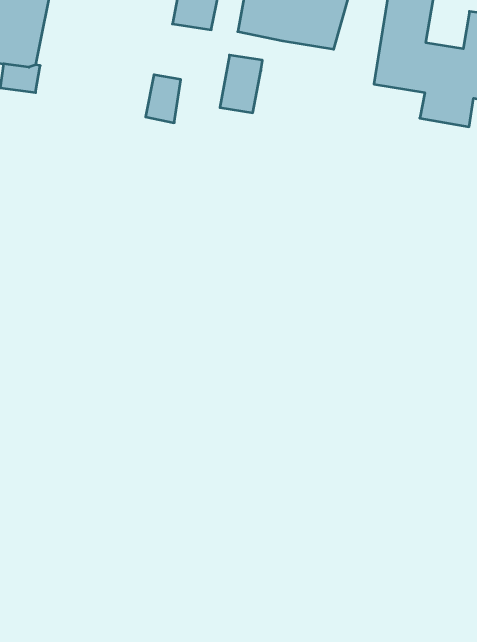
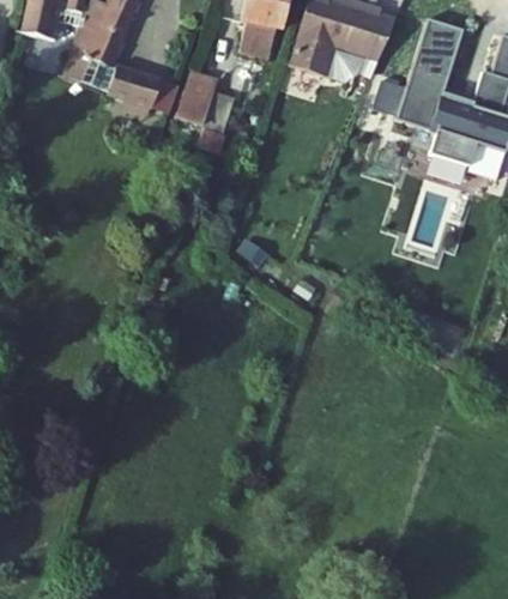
building: [220,55,262,113] -> [175,72,216,122]
building: none -> [113,67,169,109]

